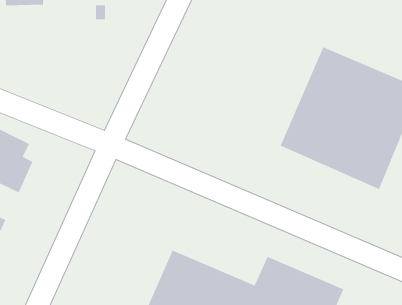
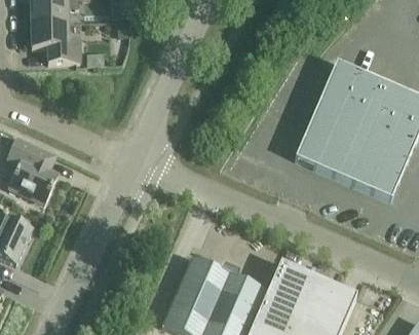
building: none -> [31,21,80,61]

